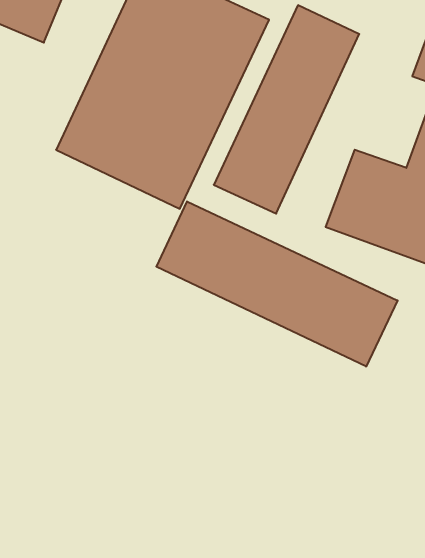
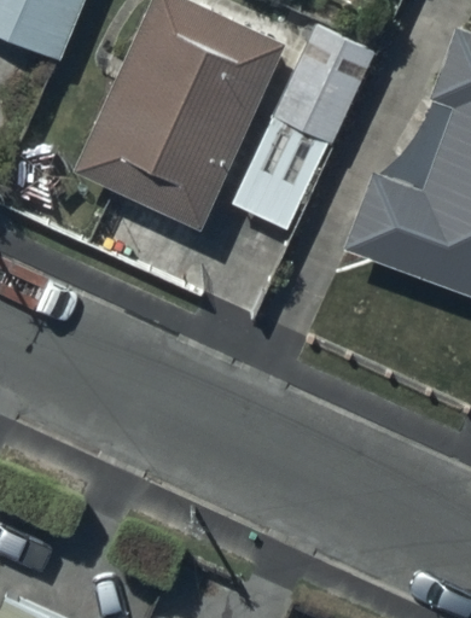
building: [156,201,398,367] -> none

